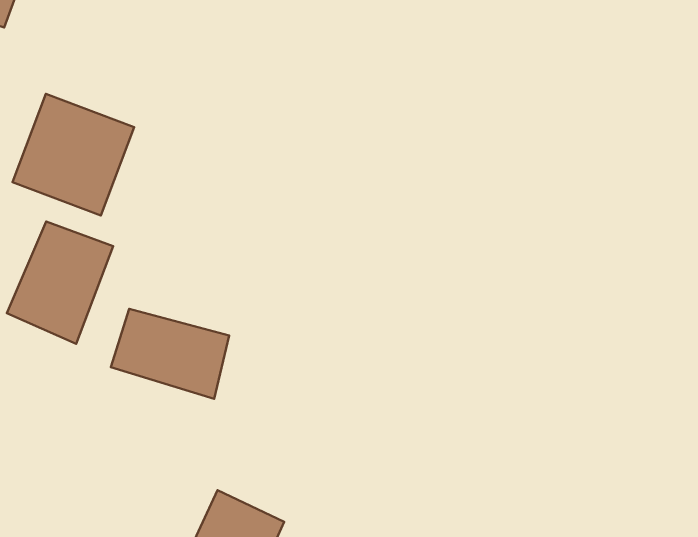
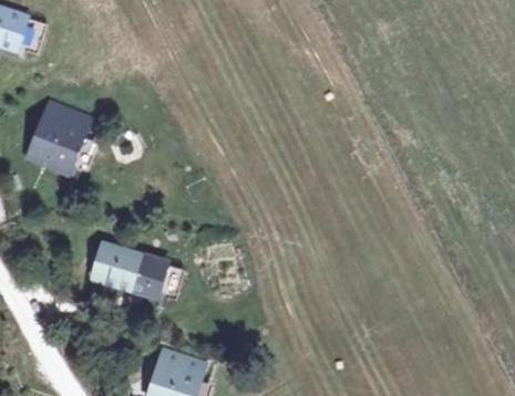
building: [7,222,113,344] -> none

